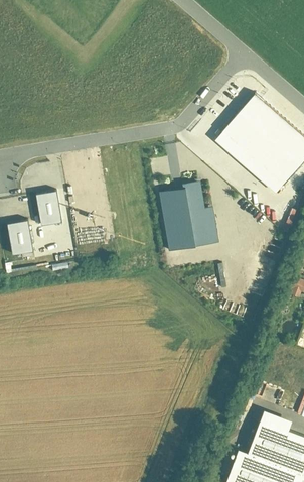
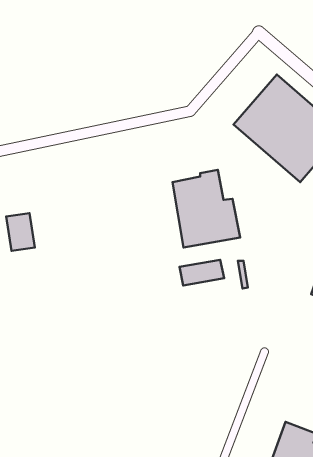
building: [37,190,63,225] -> none
building: none -> [180,260,224,285]

